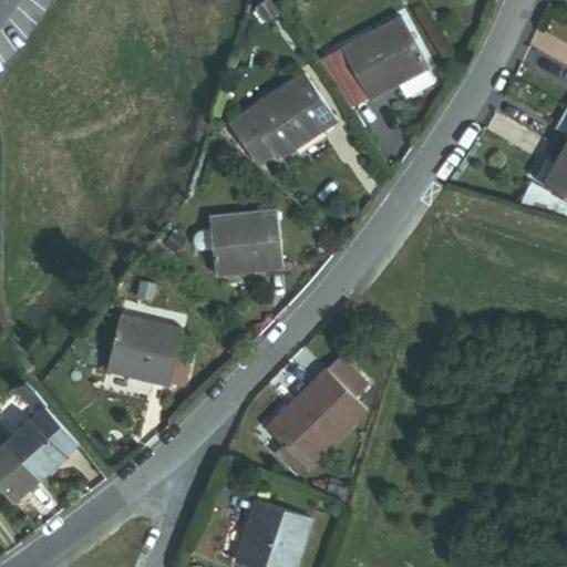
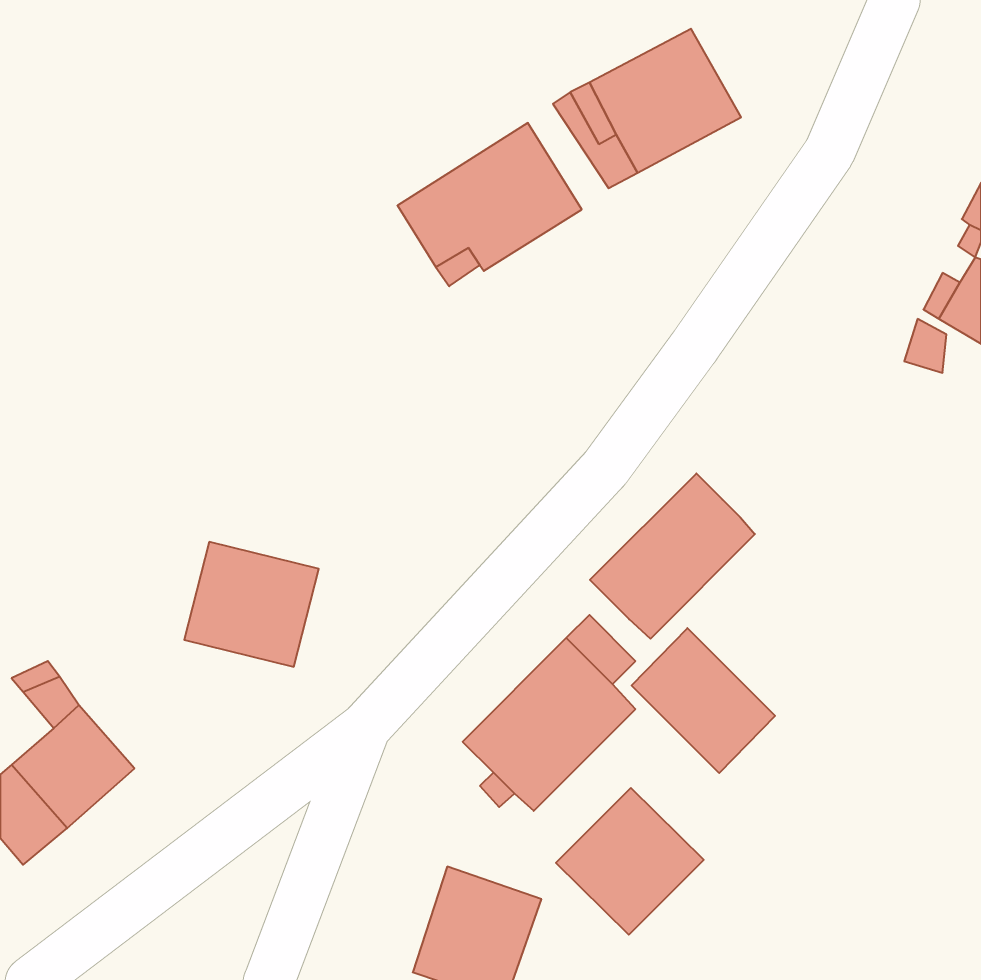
building: [209,210,281,274] -> none
building: none -> [590,473,755,639]
building: none -> [632,628,775,773]
building: none -> [556,788,704,935]

